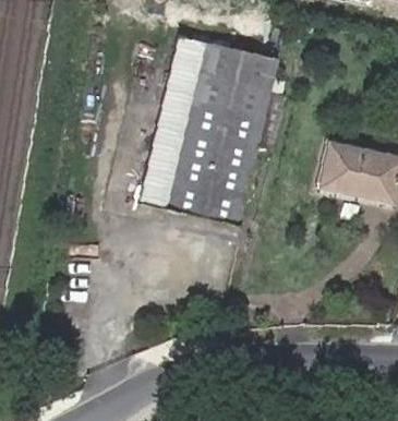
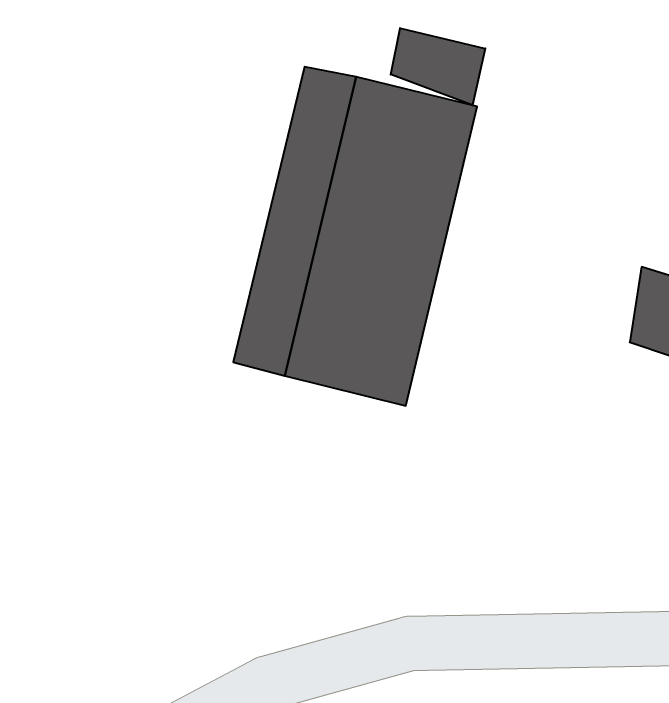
building: none -> [391,28,485,105]
building: [314,135,366,189] -> none

